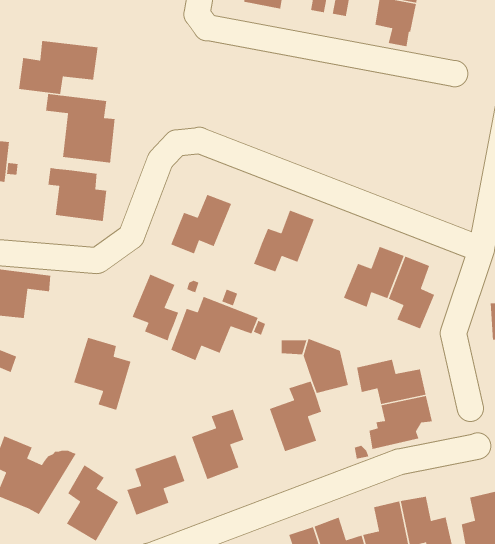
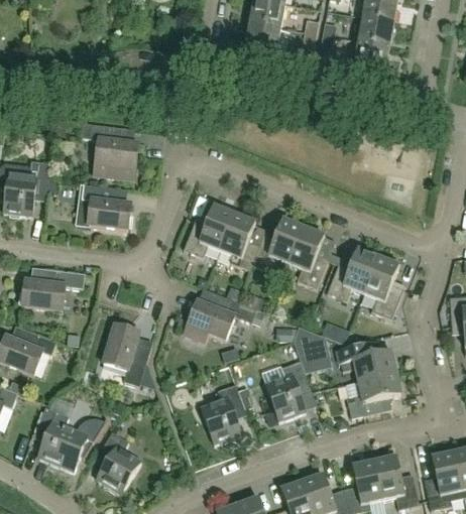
building: [18,40,99,95] -> none
building: none -> [289,226,328,287]
building: [132,273,179,341] -> [220,213,259,269]
building: [126,454,185,516] -> none

